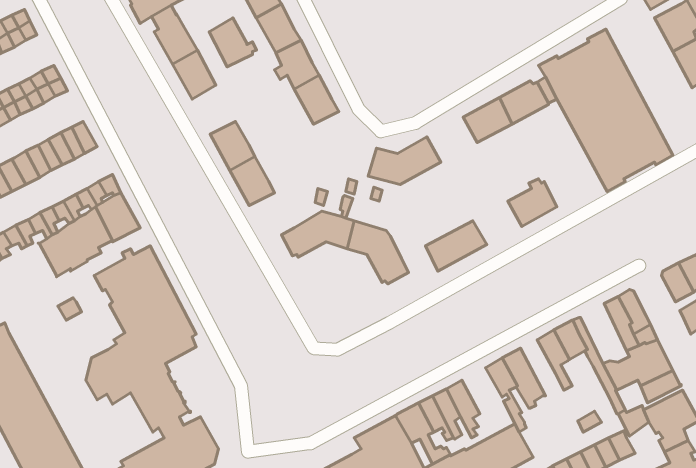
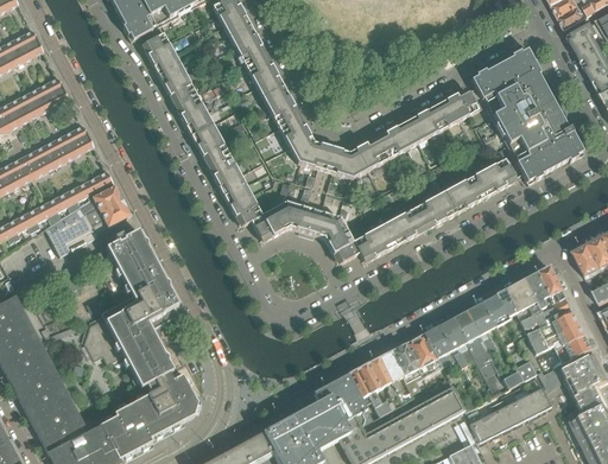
building: [209,18,257,67] -> [176,93,216,134]
building: none -> [279,115,332,170]
building: none -> [375,120,418,158]
building: none -> [475,154,522,196]
building: none -> [224,184,262,224]
building: none -> [414,191,456,228]
building: none -> [354,229,385,260]
building: none -> [505,278,547,329]
building: none -> [455,309,500,386]
building: none -> [405,332,443,376]

